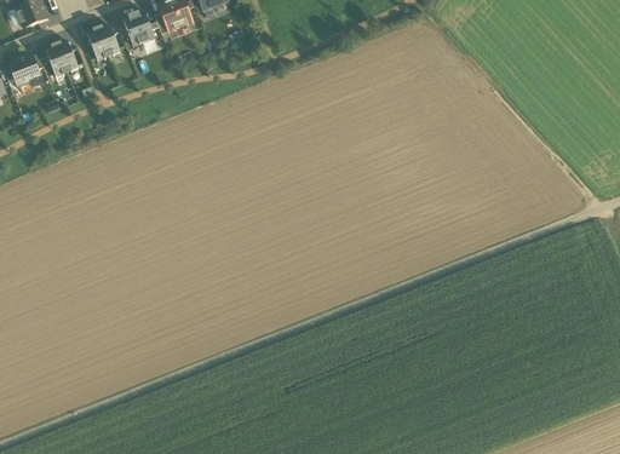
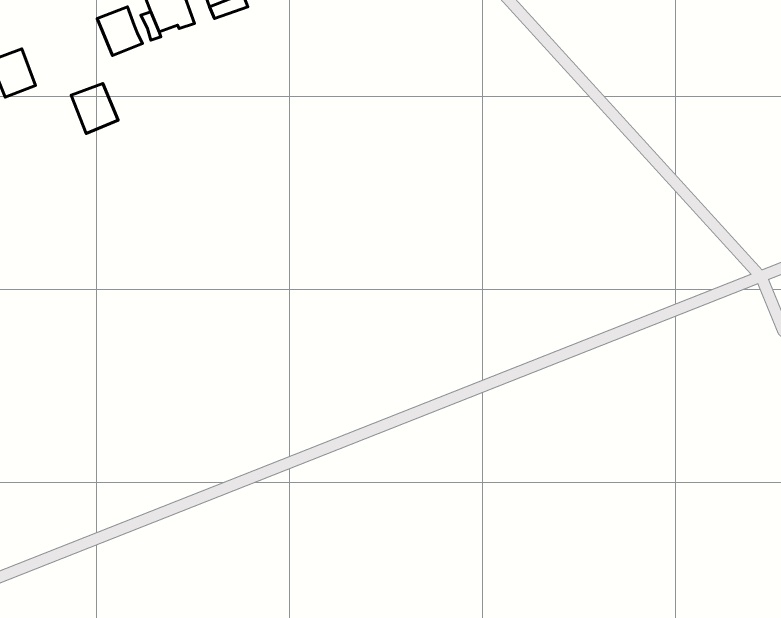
building: [86,22,120,58] -> [71,83,118,134]

